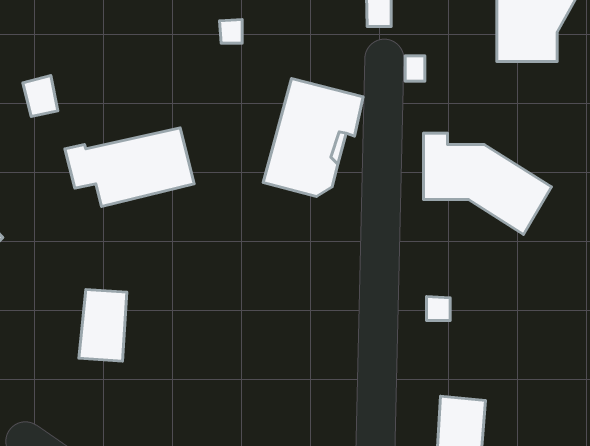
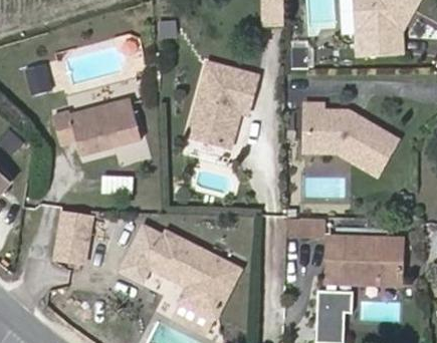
building: none -> [124,227,240,317]
building: none -> [327,239,402,284]

